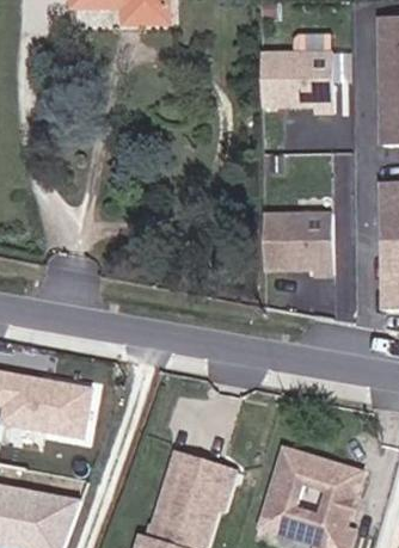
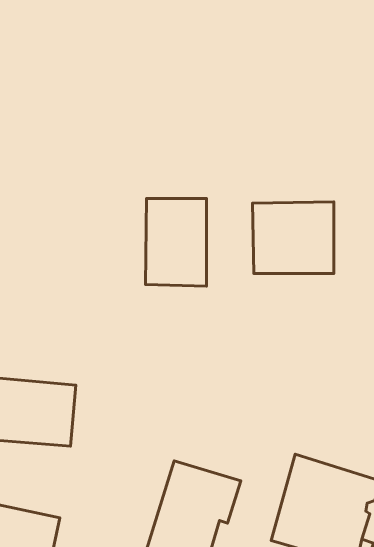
building: [253,50,331,115] -> none
building: none -> [146,198,207,286]

